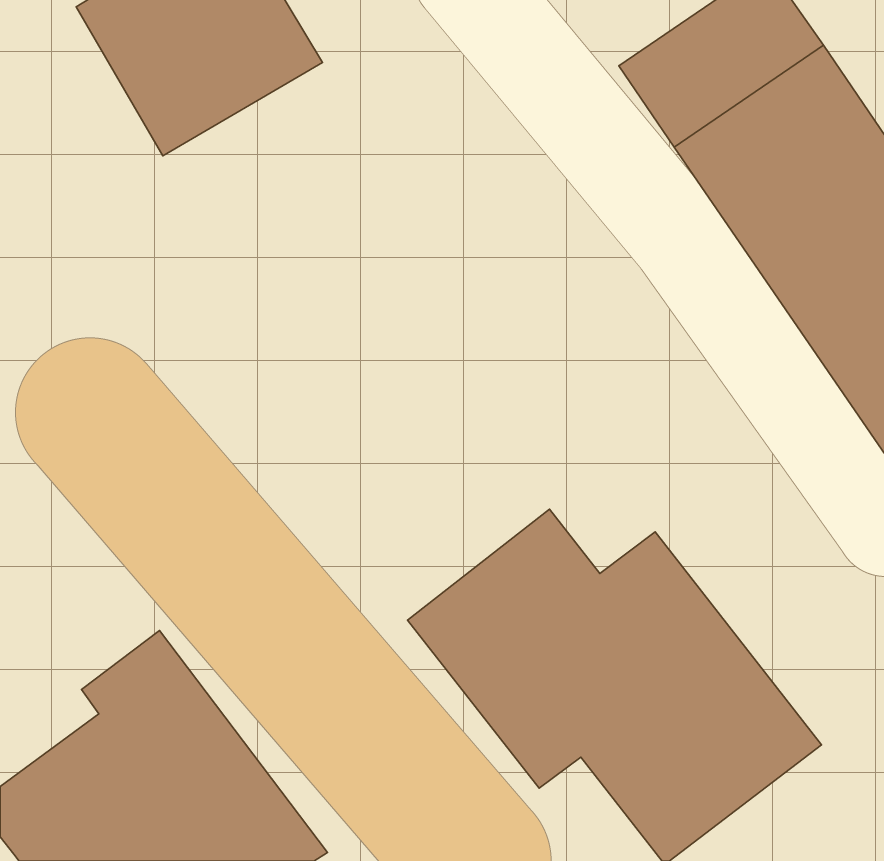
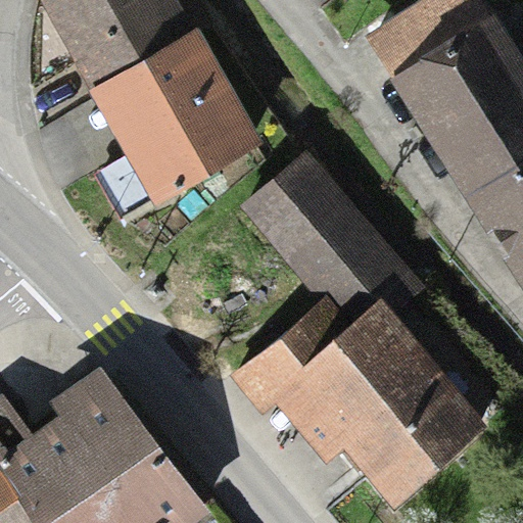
building: none -> [97,37,254,199]
building: none -> [250,155,418,338]

